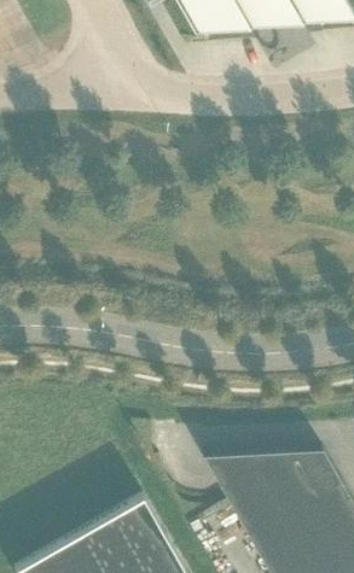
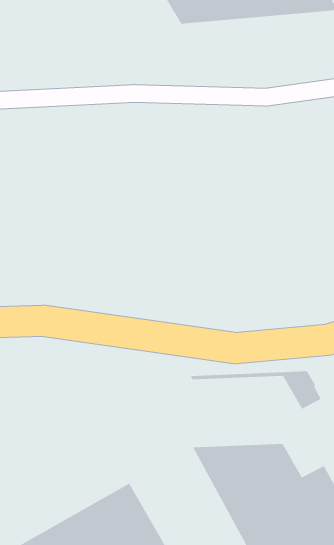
building: [208,452,342,492] -> [190,371,322,410]

